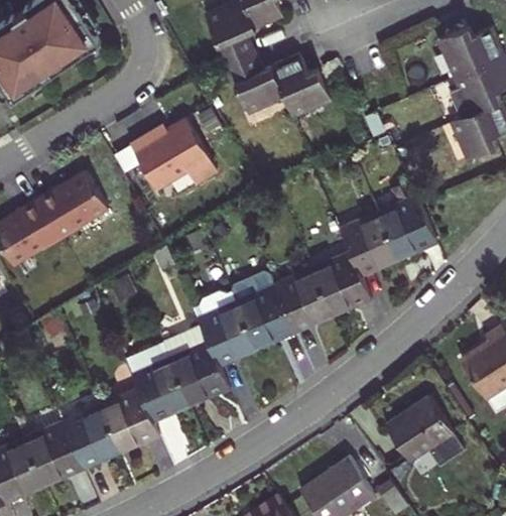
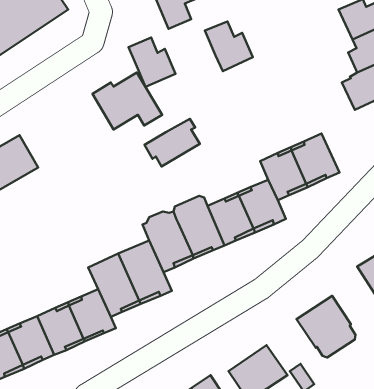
building: [226,52,284,114] -> [128,37,175,87]
building: [40,168,111,237] -> none
building: none -> [145,119,200,166]

